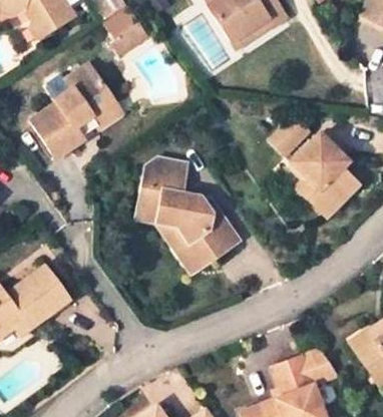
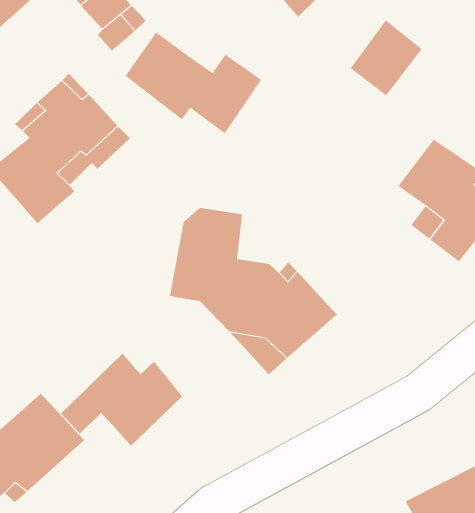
building: none -> [125,31,262,134]
building: [271,114,319,163] -> [350,20,423,96]
building: none -> [60,353,183,447]

